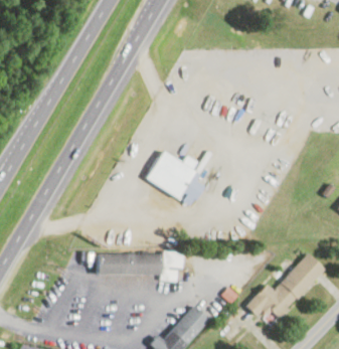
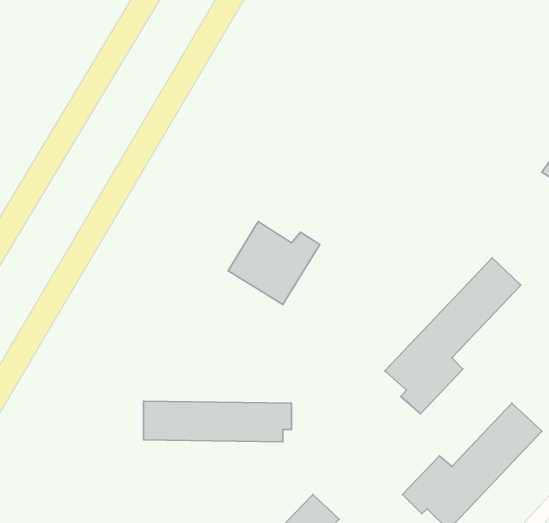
building: none -> [385,258,521,414]

